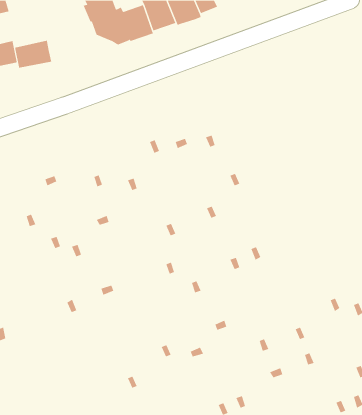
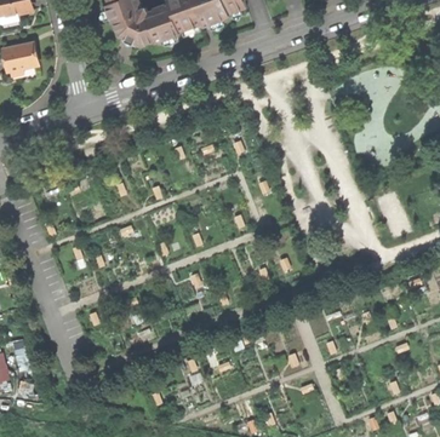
building: [15,40,52,68] -> none

